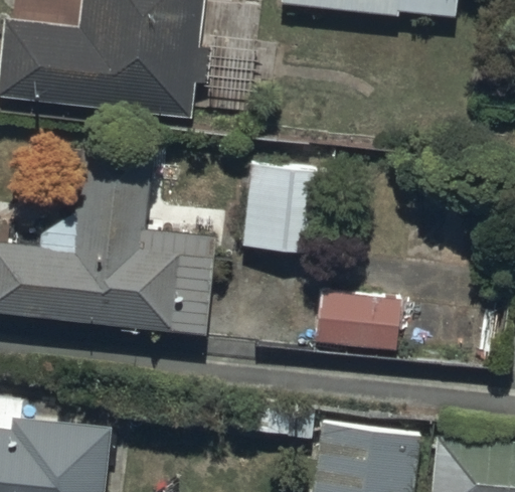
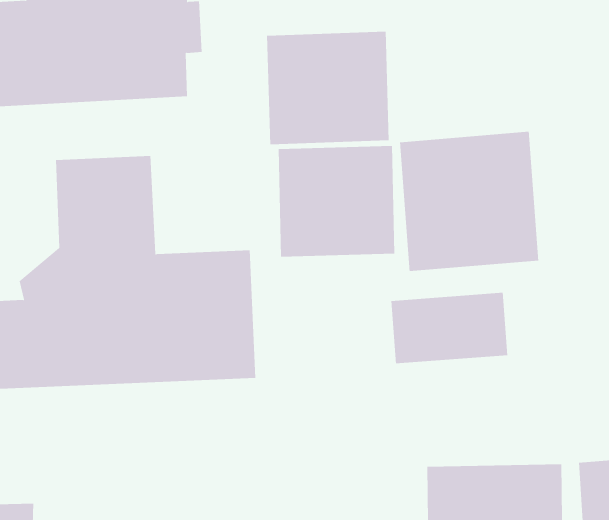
building: none -> [267,31,389,145]
building: none -> [399,131,539,272]

